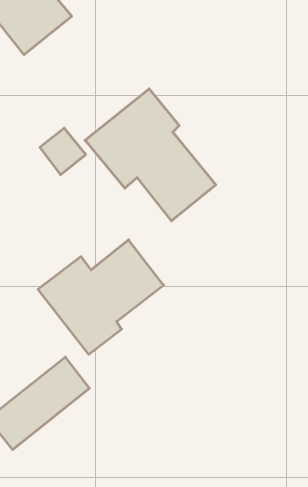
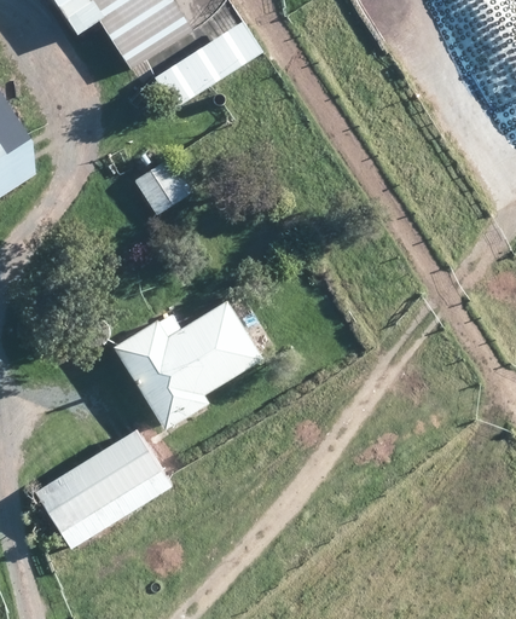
building: none -> [155,22,263,109]
building: [85,89,216,221] -> none

